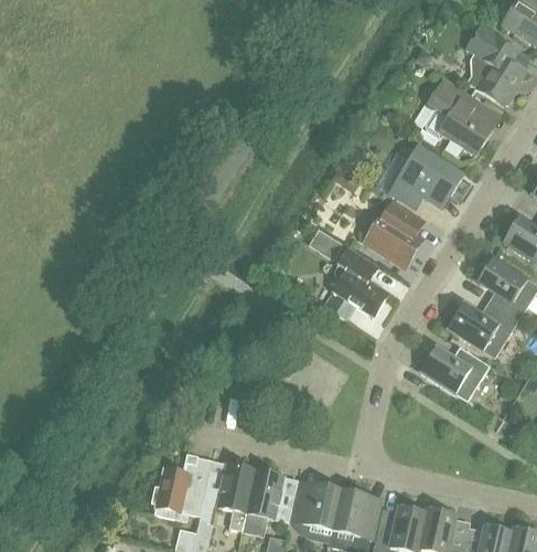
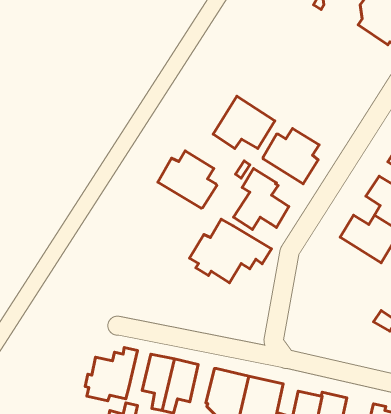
building: [426,76,502,153] -> none
building: [390,146,462,206] -> [213,96,275,149]
building: none -> [158,151,217,208]
building: none -> [190,219,271,283]
building: [420,344,490,400] -> none

